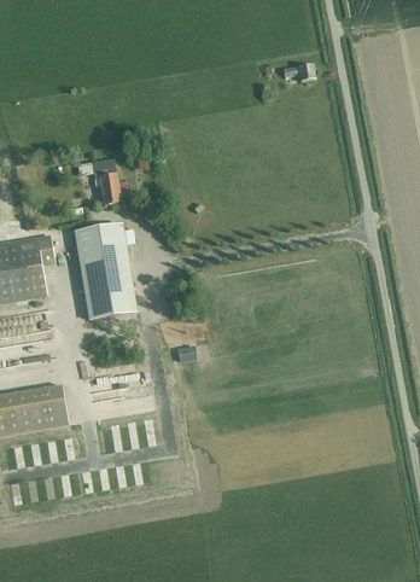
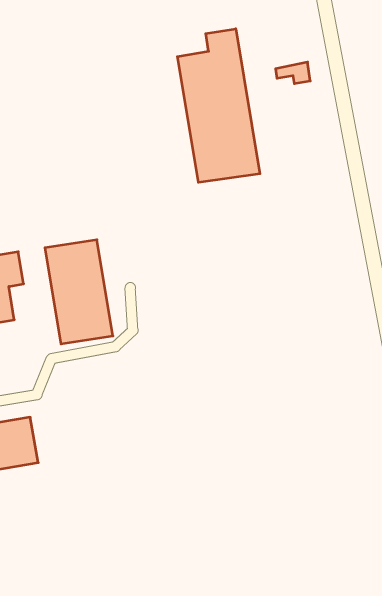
building: none -> [177,29,260,182]
building: [92,158,127,205] -> none

